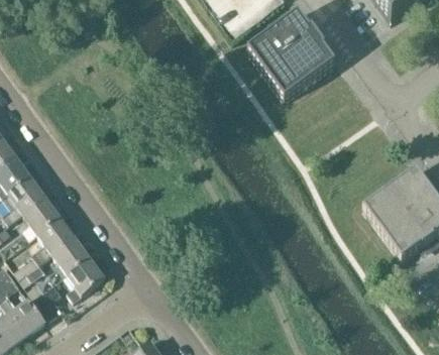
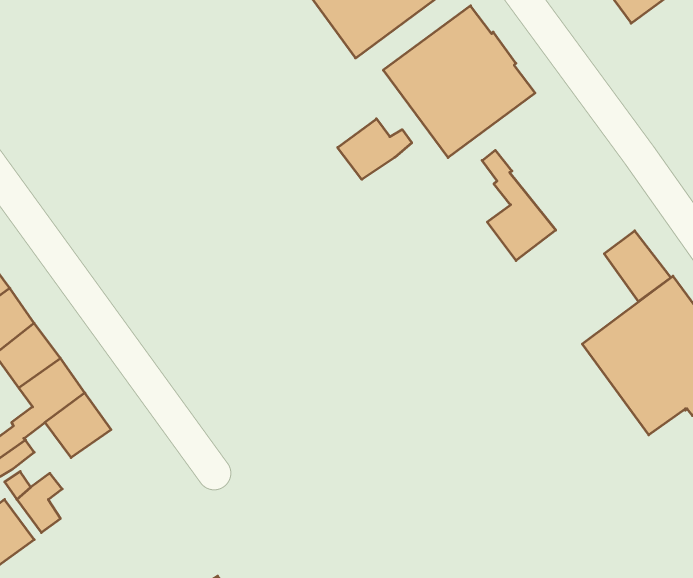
building: none -> [338,119,412,179]
building: none -> [482,150,556,261]
building: none -> [604,231,671,302]
building: [65,252,103,294] -> none

